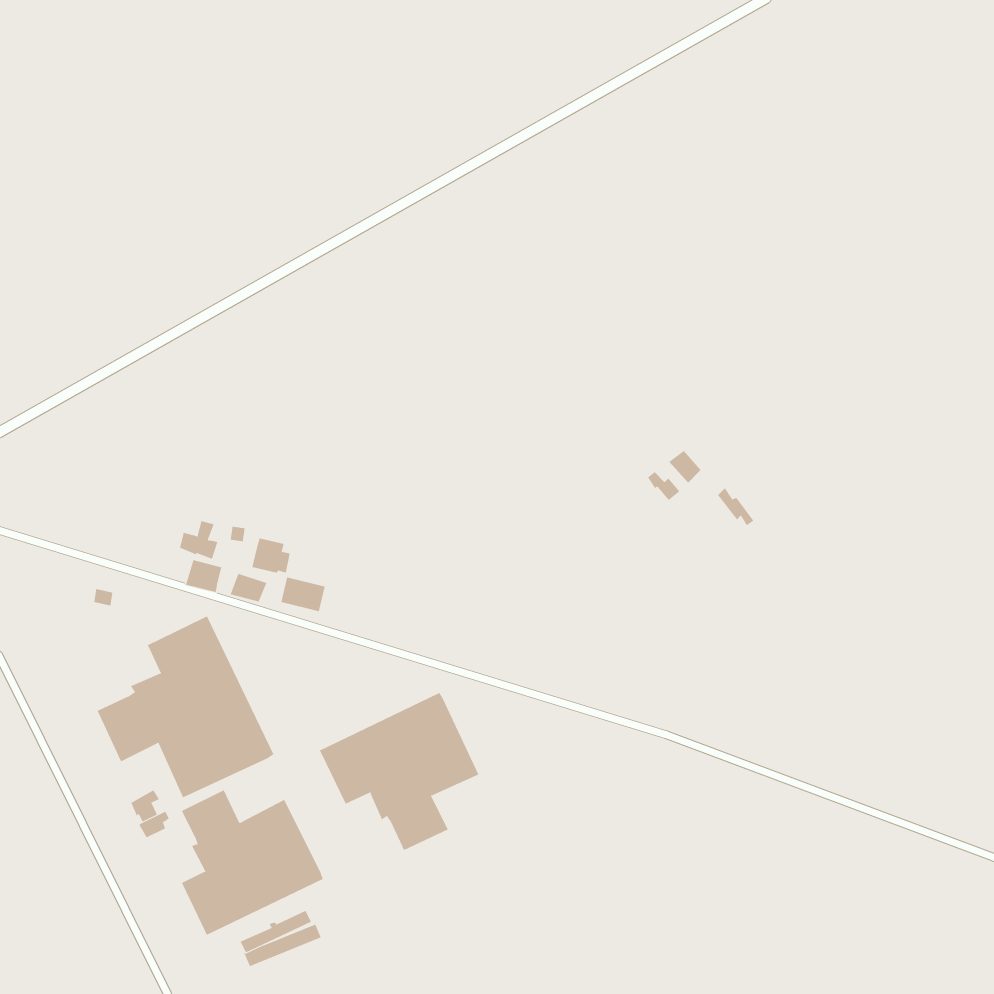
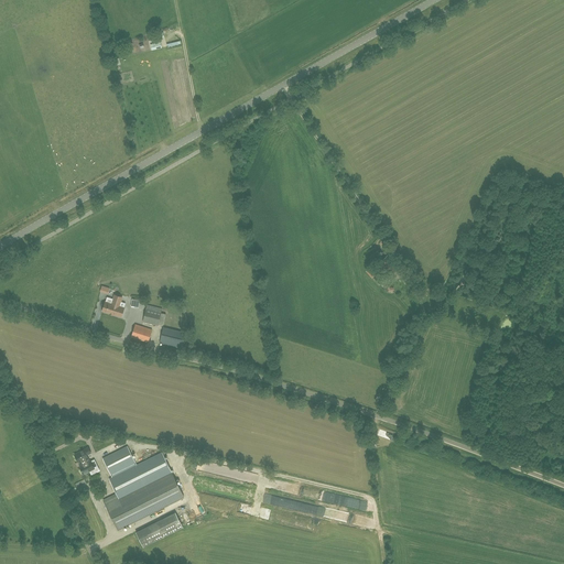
building: [97,616,274,798] -> none
building: [319,692,479,851] -> none

